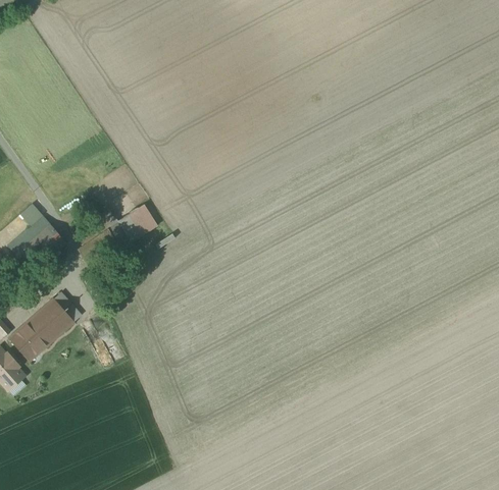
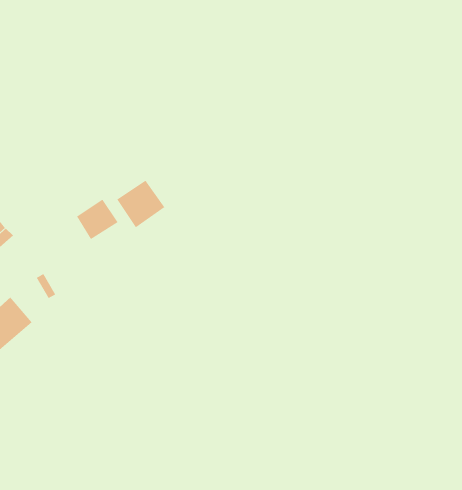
building: none -> [116,180,165,228]

